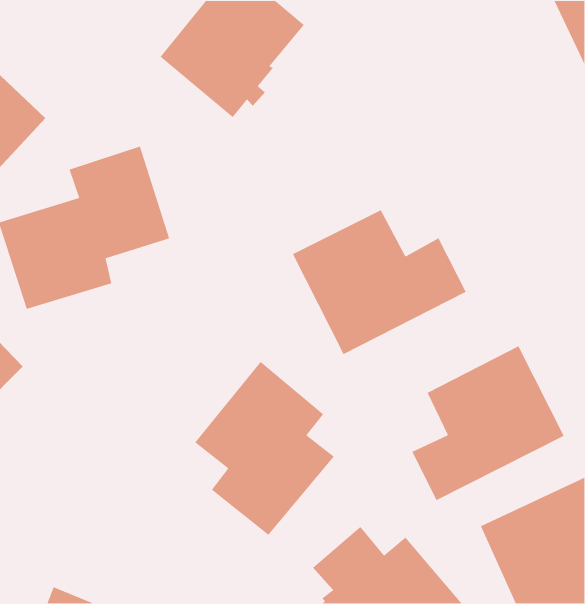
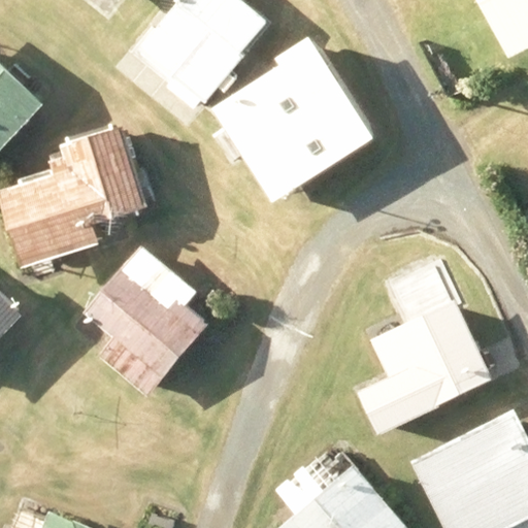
building: none -> [225,53,361,182]
building: [292,209,467,355] -> none
building: [194,361,335,536] -> [80,243,203,396]

